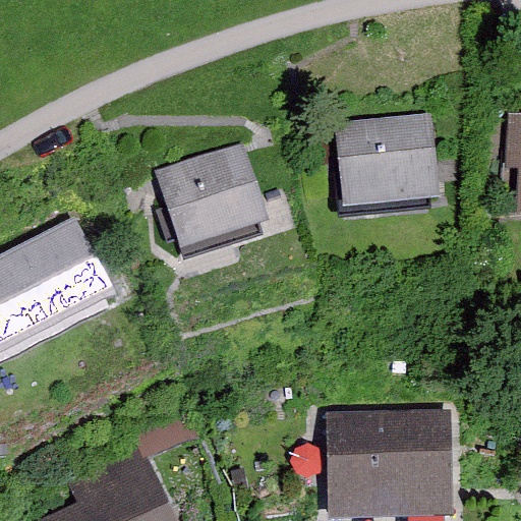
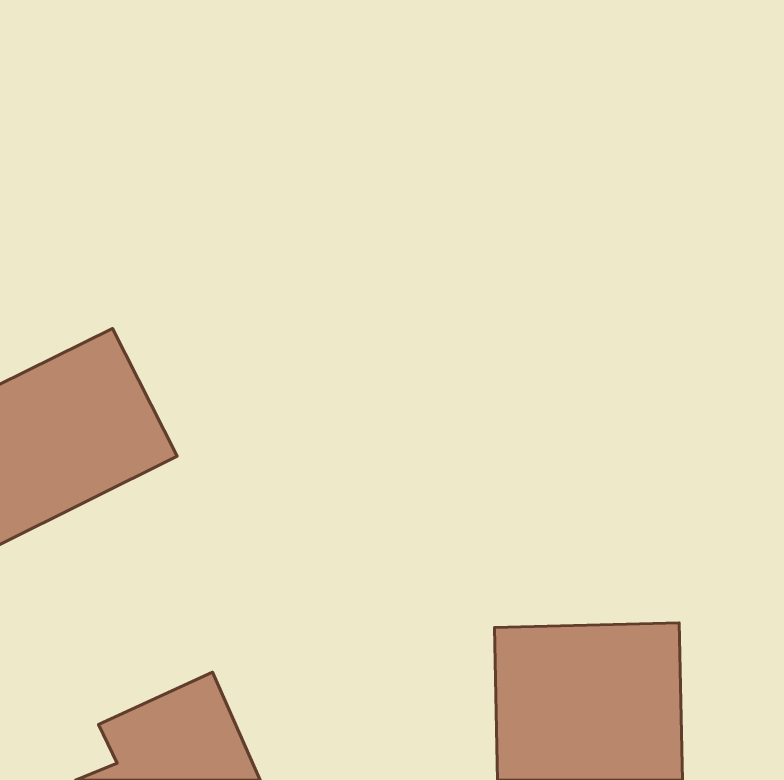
building: [336,114,440,209] -> none
building: [156,143,266,244] -> none

